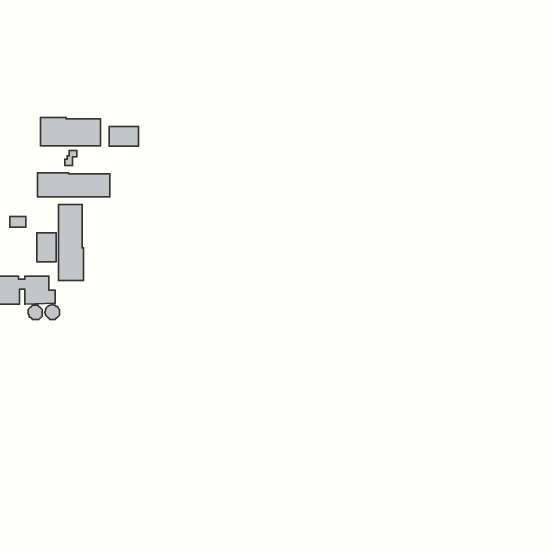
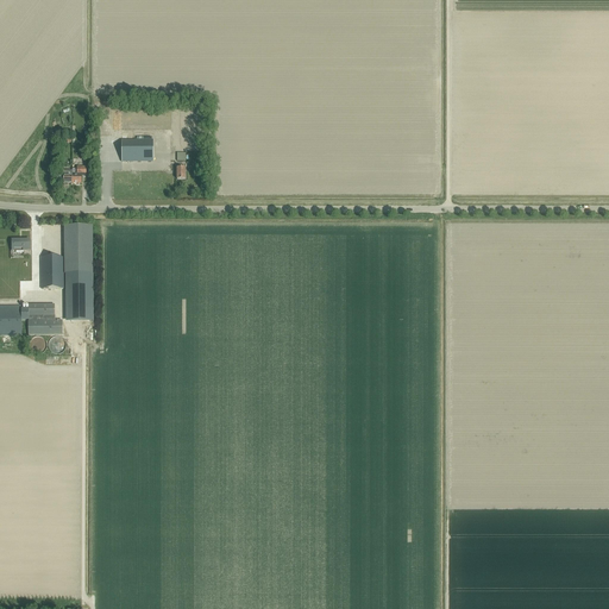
building: [41,118,100,146] -> none
building: [38,173,110,197] -> none

